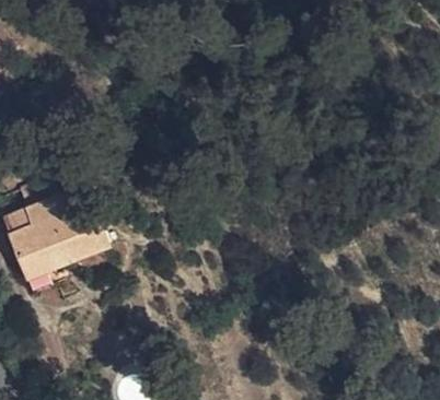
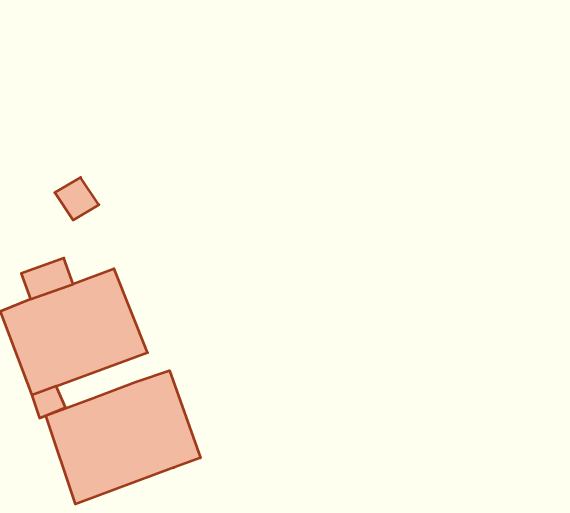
building: none -> [46,371,200,504]

